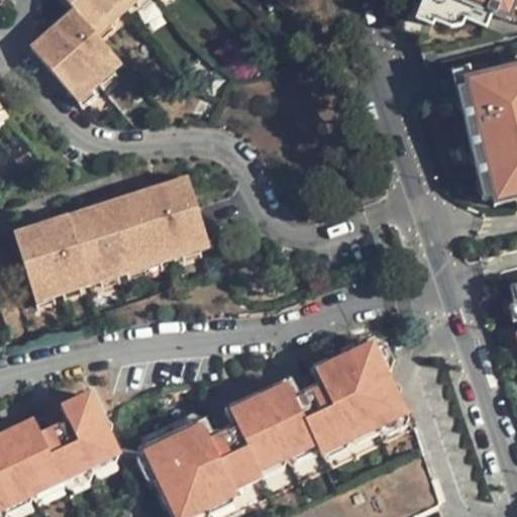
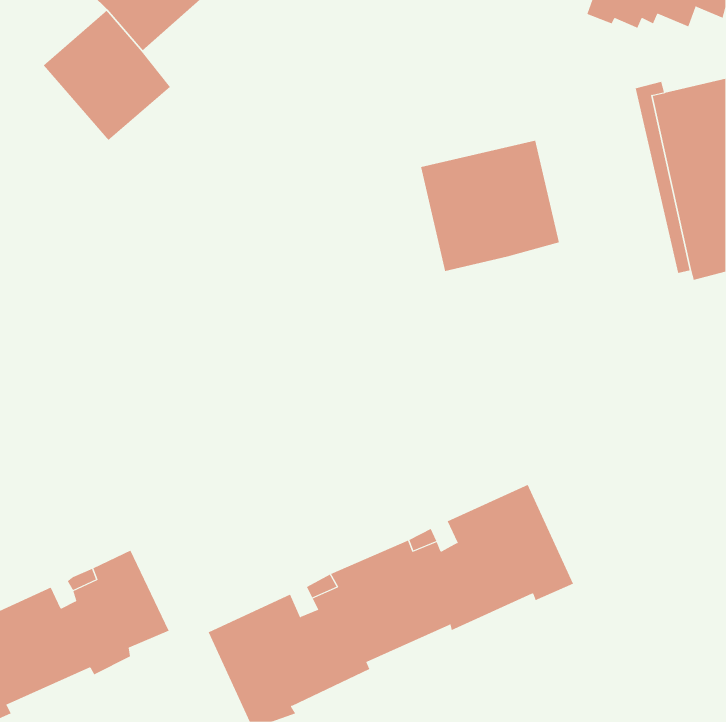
building: none -> [421,140,560,272]
building: [17,179,211,301] -> none

